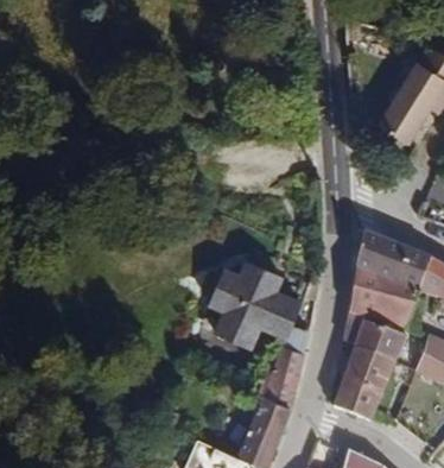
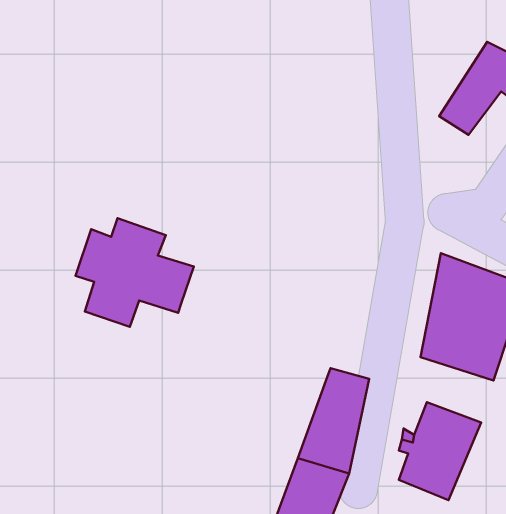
building: [201,254,291,337] -> [76,218,194,327]
building: [355,321,407,361] -> none

